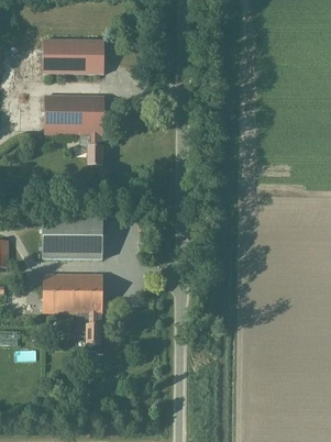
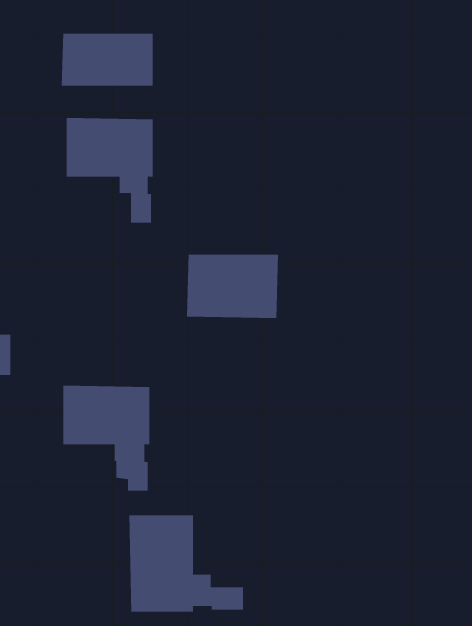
building: [42,216,103,258] -> [186,254,279,319]
building: none -> [129,515,243,612]

